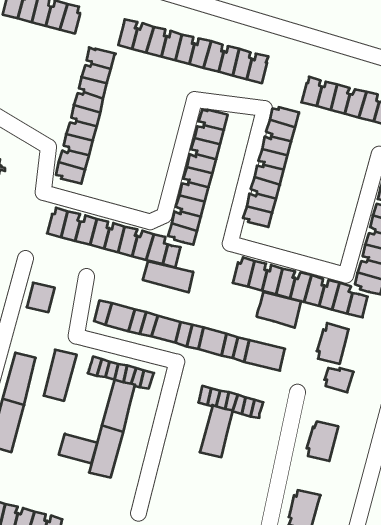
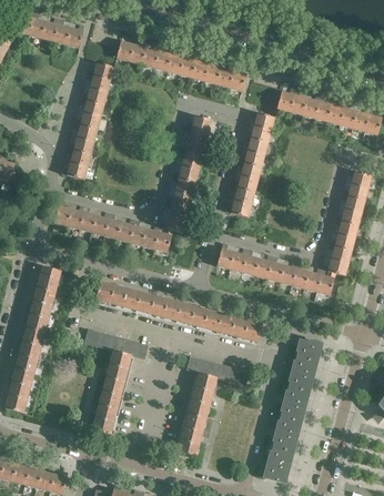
building: [143,261,193,292] -> none
building: [257,292,301,328] -> none
building: [317,323,349,364] -> [289,356,316,392]
building: [44,350,77,401] -> [27,287,55,332]
building: [59,434,97,463] -> none
building: none -> [176,414,206,459]
building: none -> [273,417,301,452]

